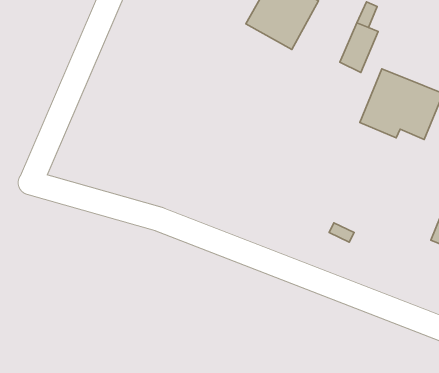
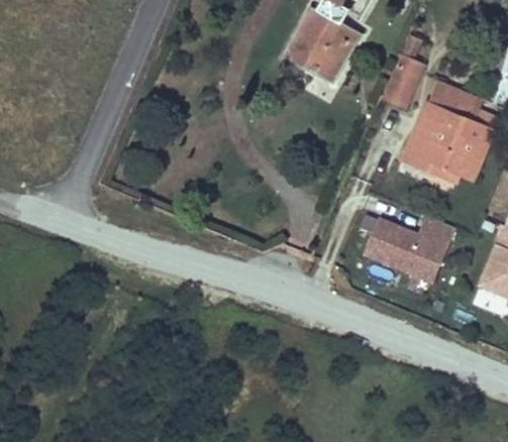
building: none -> [428,81,484,122]
building: none -> [365,216,455,282]

